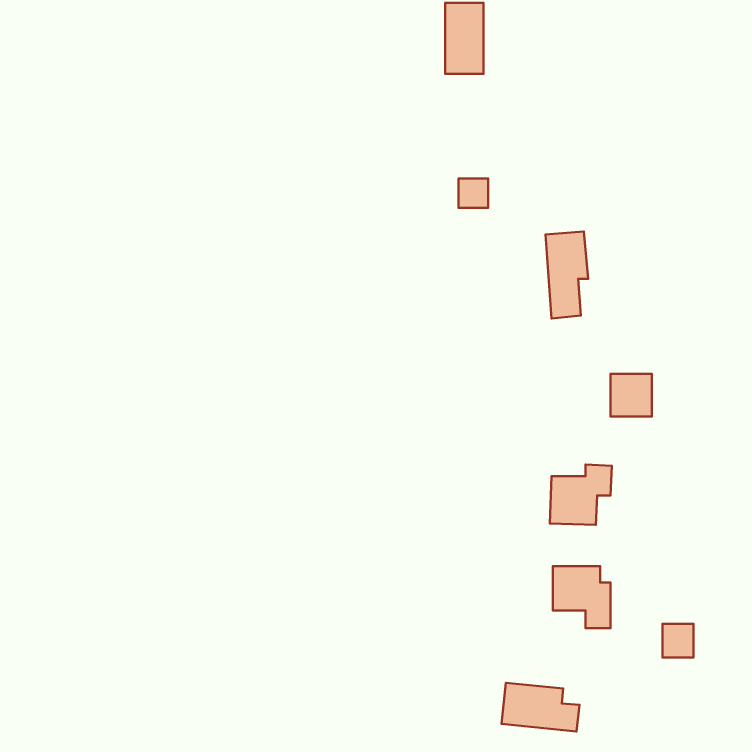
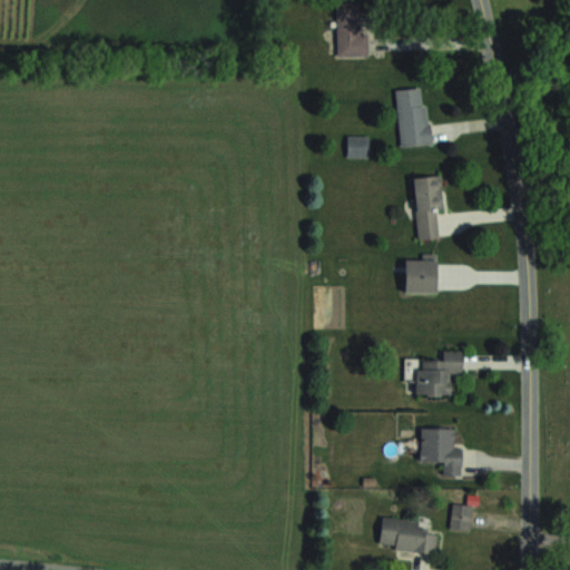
building: none -> [395,88,431,148]
building: [611,374,652,417] -> [405,261,436,293]
building: [663,624,694,658] -> [452,504,475,530]

